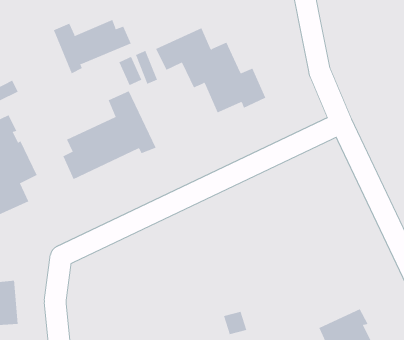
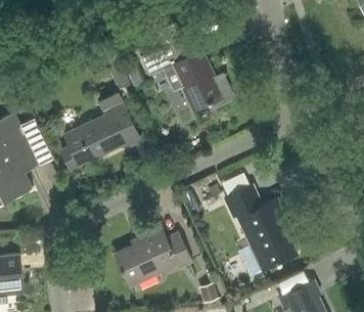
building: [53,19,131,74] -> none
building: none -> [224,186,295,270]
building: none -> [116,228,191,286]

